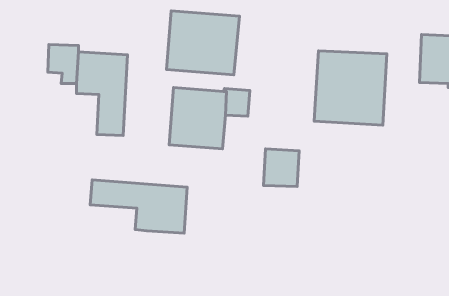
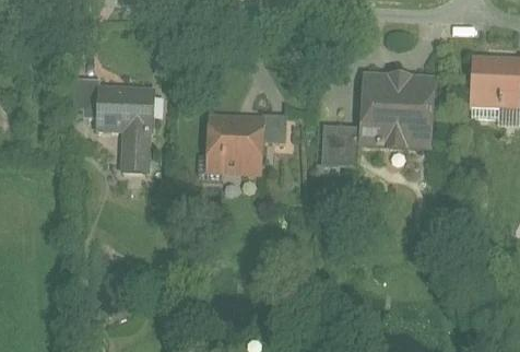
building: [167,11,239,75] -> none
building: [264,149,299,187] -> [320,128,358,168]
building: [90,180,187,233] -> none

